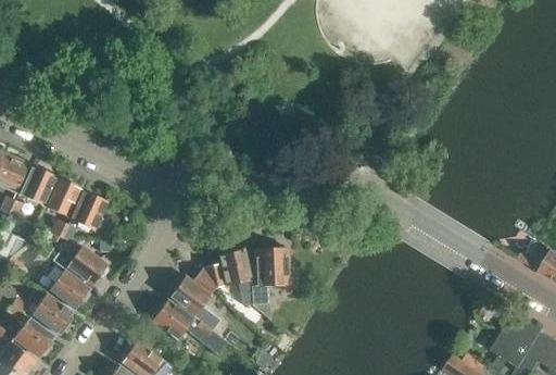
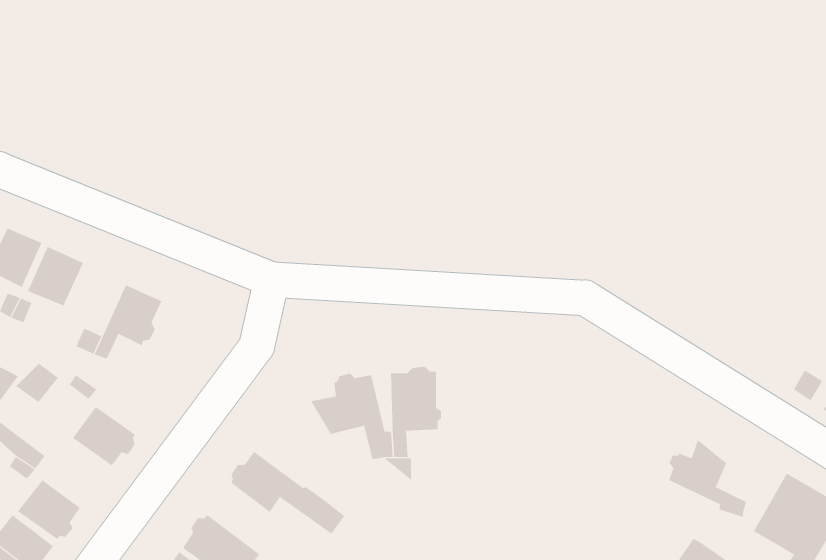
building: [43,176,80,216] -> none
building: [65,246,106,285] -> none
building: [168,266,217,329] -> none
building: none -> [669,439,747,518]
building: [30,293,72,333] -> none

